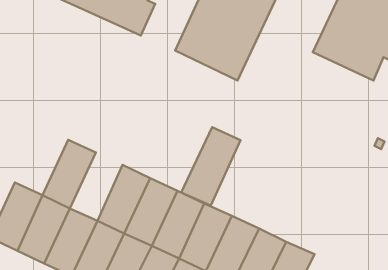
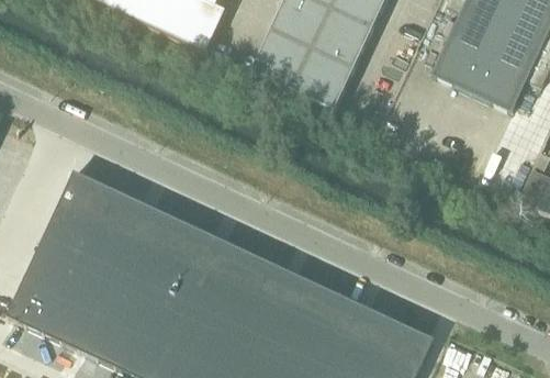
building: none -> [40,169,110,259]
building: [181,127,241,206] -> none
building: none -> [112,203,181,293]

